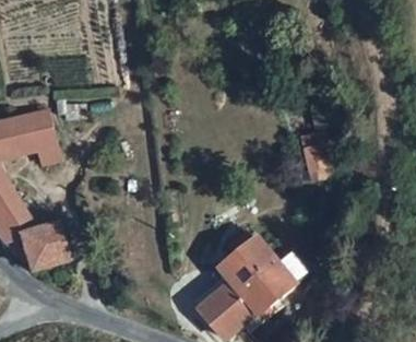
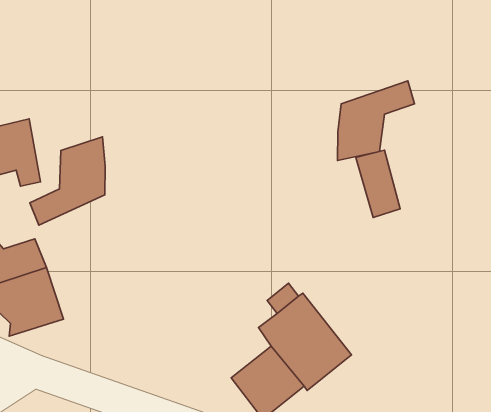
building: none -> [337,81,414,161]
building: none -> [30,137,105,225]

